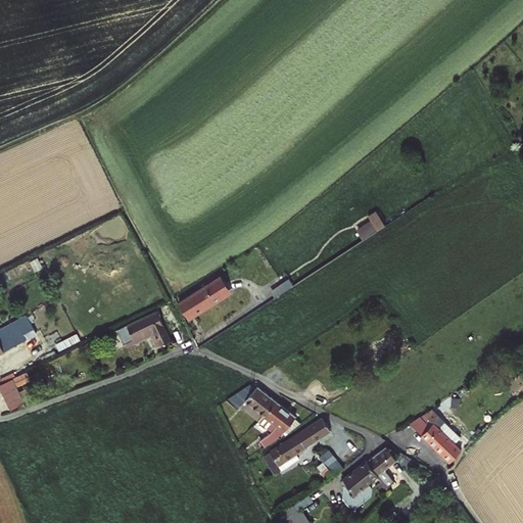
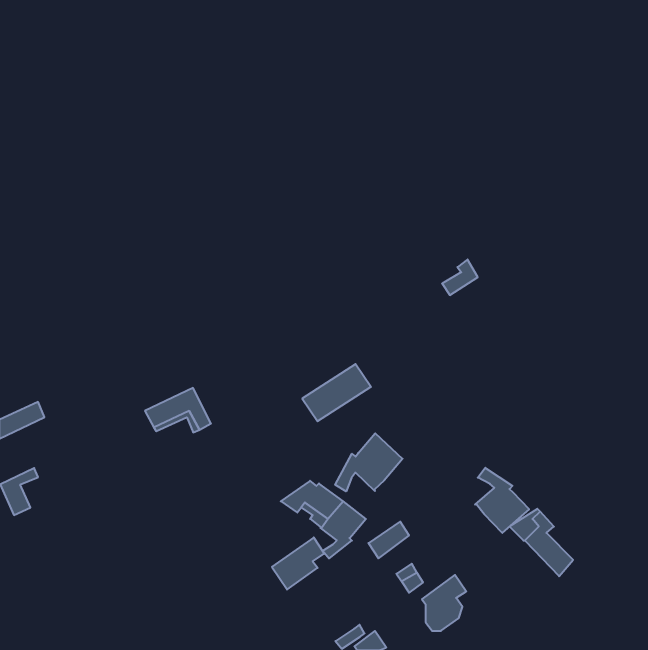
building: [178,276,233,322] -> [302,364,371,421]
building: none -> [335,433,403,491]
building: none -> [475,468,529,533]
building: [263,436,304,478] -> [272,537,324,590]
building: [366,447,394,487] -> none

